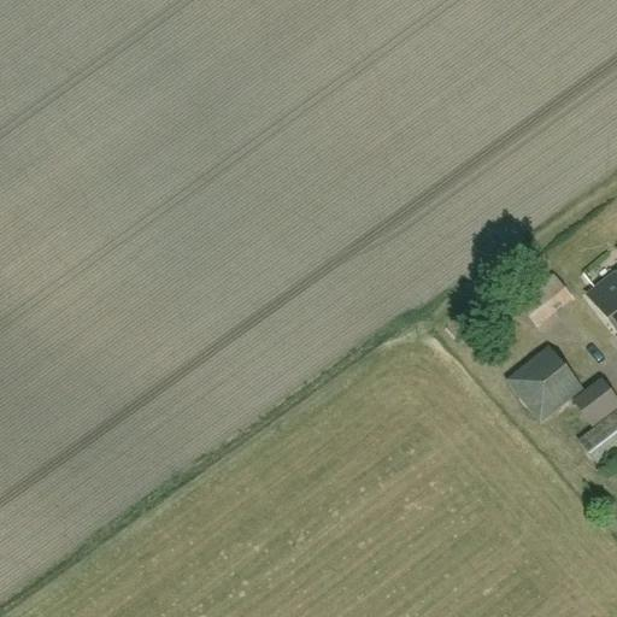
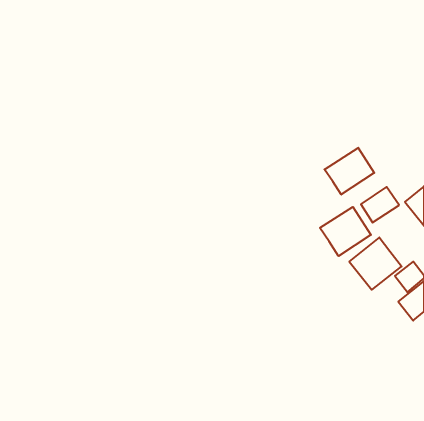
building: none -> [324,148,374,195]
building: none -> [320,207,371,256]

